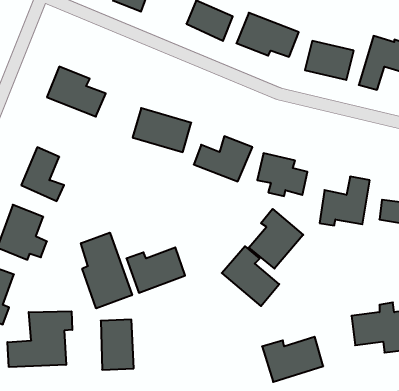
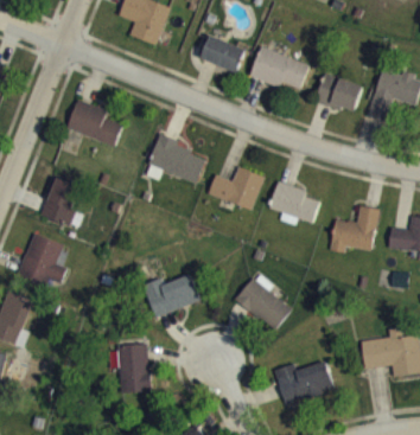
building: [249,209,303,269] -> none
building: [81,233,132,308] -> none
building: [7,311,72,367] -> none

